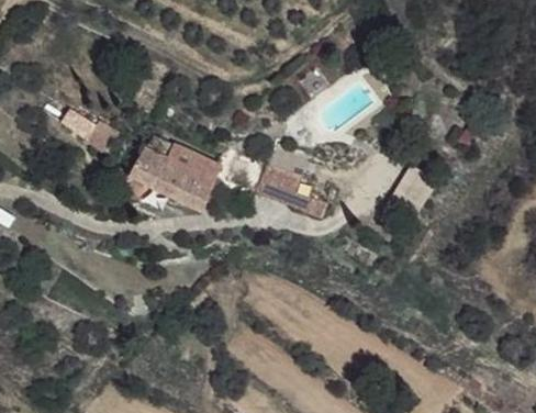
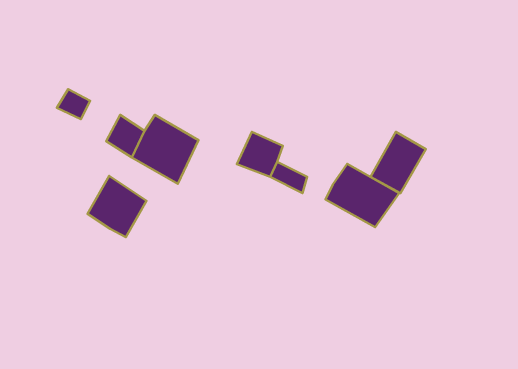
building: none -> [326,164,399,227]
building: none -> [87,176,146,237]

